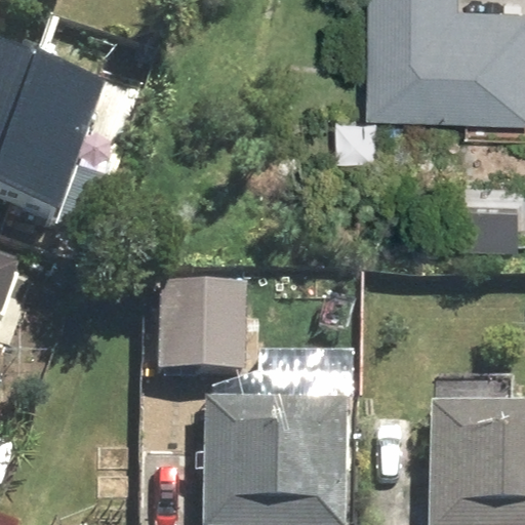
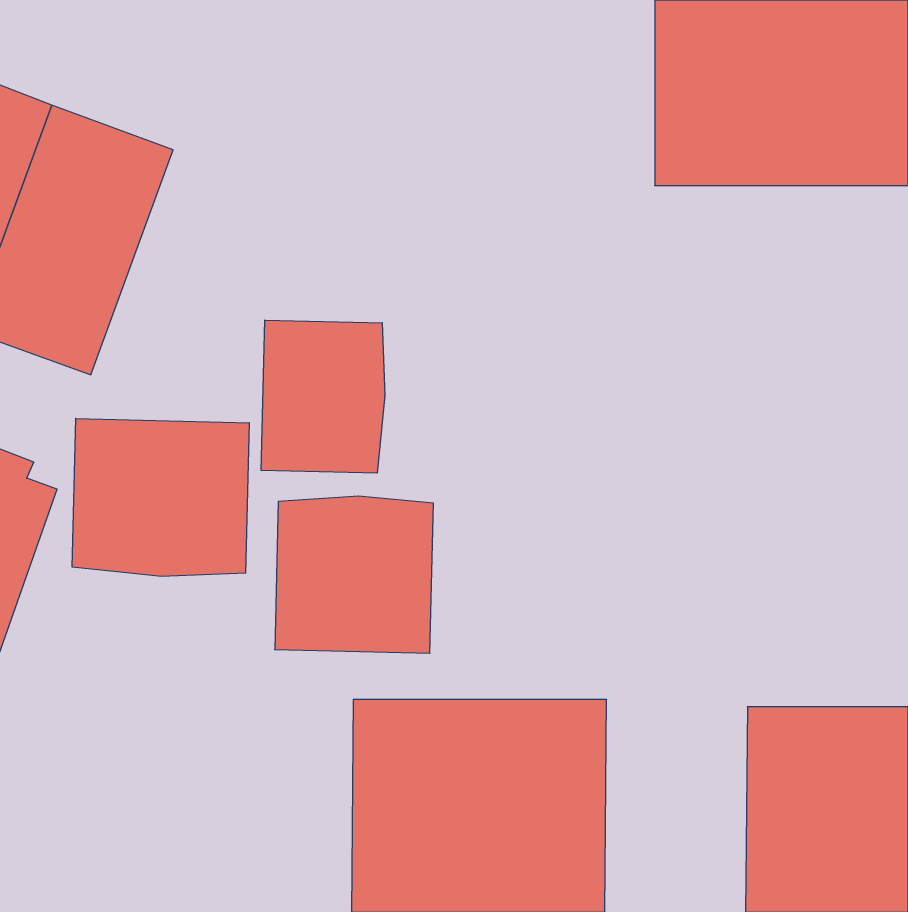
building: none -> [261,320,385,473]
building: none -> [72,418,249,576]

